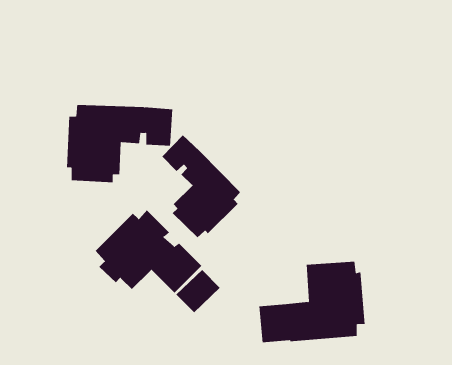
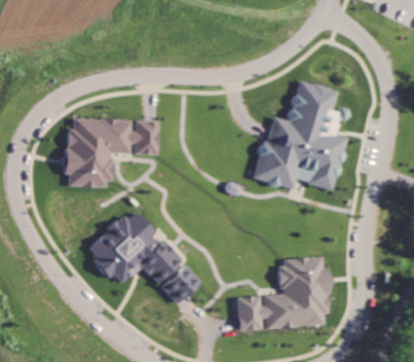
building: none -> [253,79,346,189]
building: [161,135,241,238] -> none

